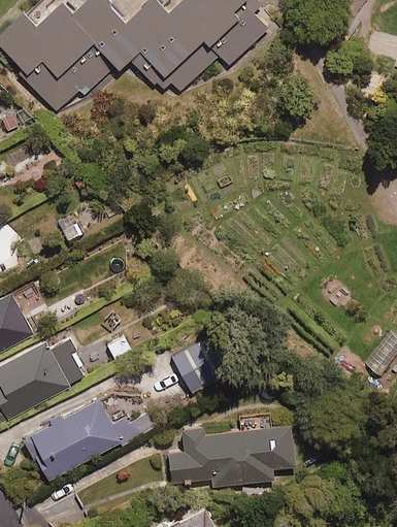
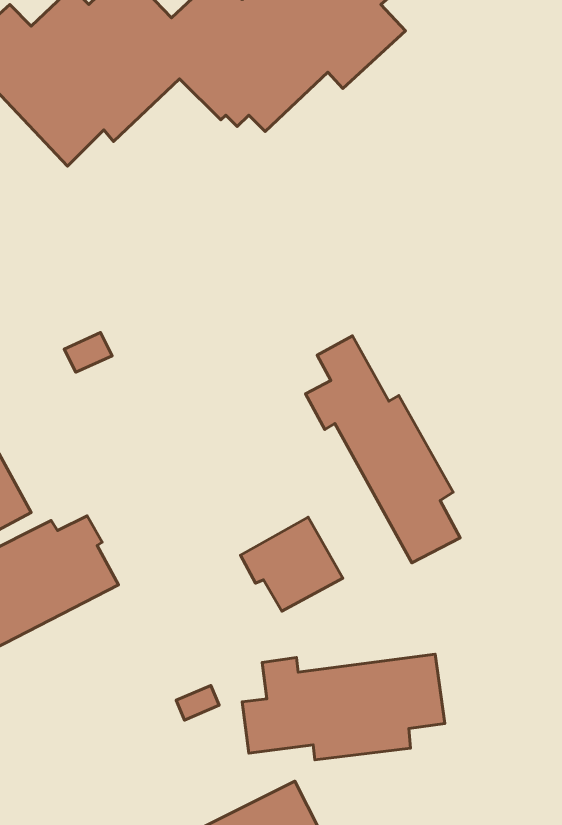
building: none -> [306,336,460,563]
building: [23,395,136,480] -> none

